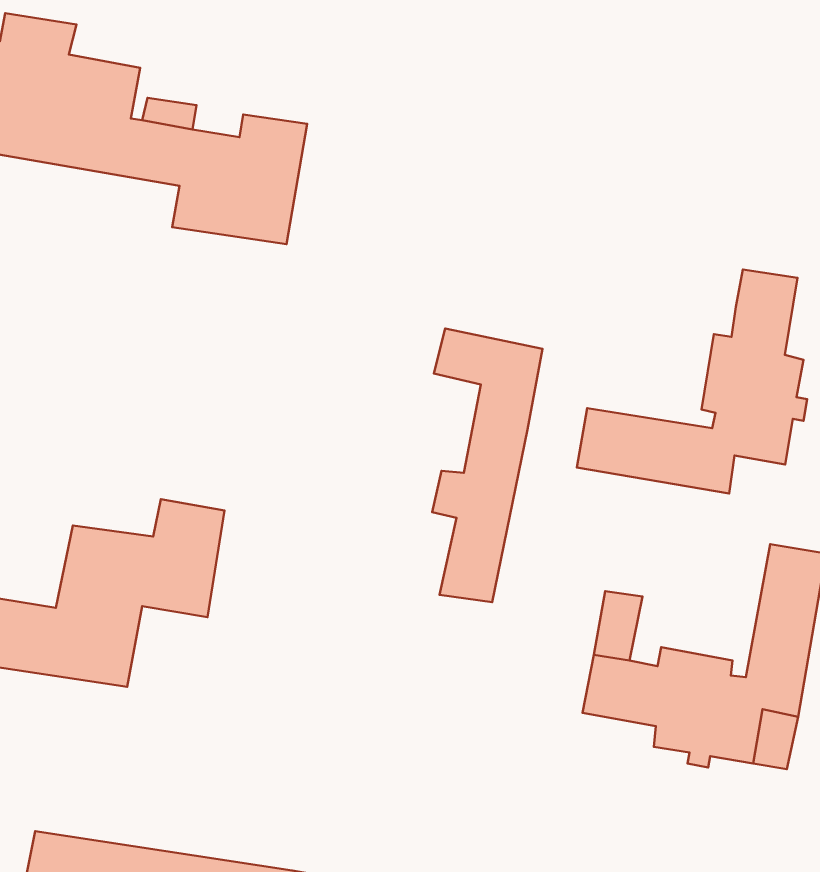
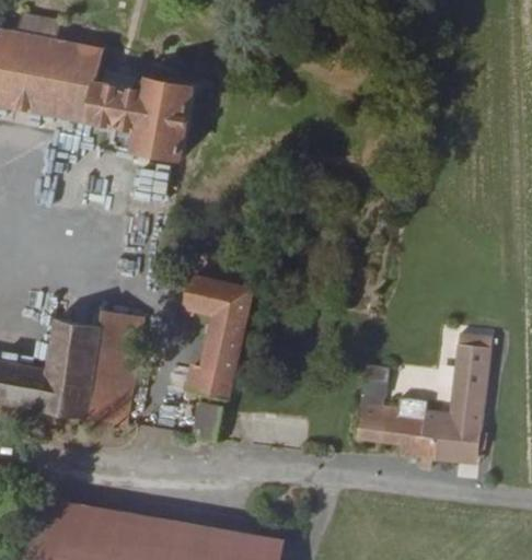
building: [577,270,807,494] -> none
building: [432,328,543,602] -> [185,278,250,438]
building: none -> [86,370,134,423]

